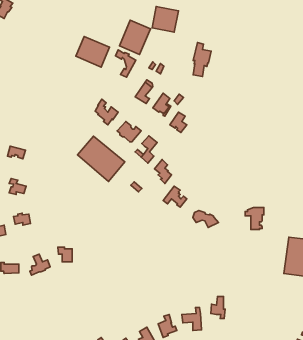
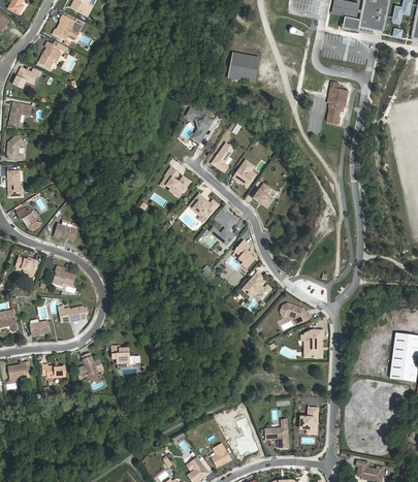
building: [119,20,150,54] -> none
building: [76,37,110,67] -> none
building: [193,43,211,77] -> [329,82,351,123]
building: [78,136,125,182] -> none
building: [245,207,264,229] -> [300,328,323,355]

